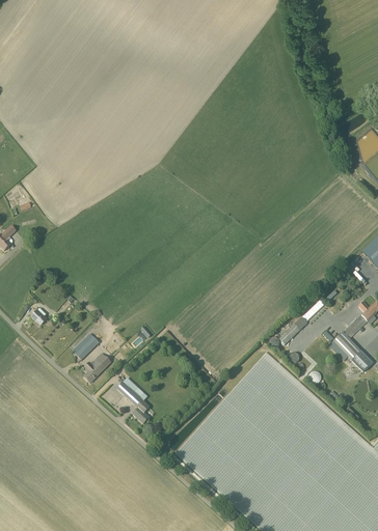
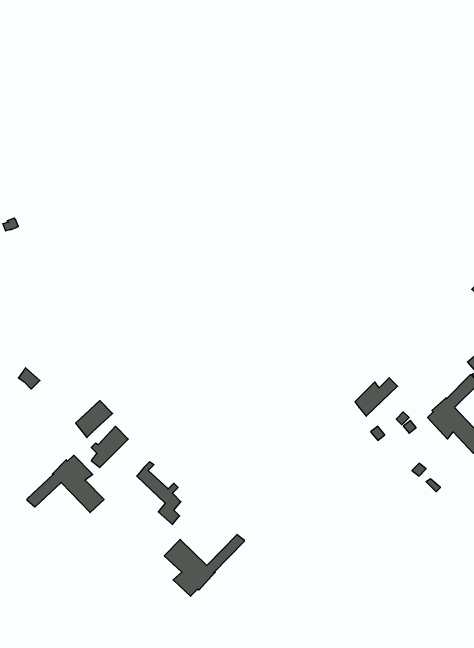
building: none -> [27,455,104,513]
building: none -> [164,534,244,596]

